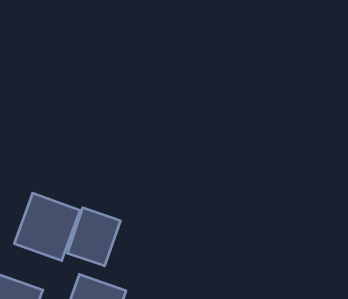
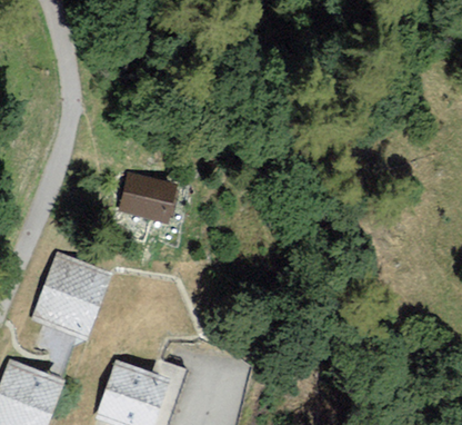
building: none -> [110,168,168,217]
building: [67,208,120,266] -> none

